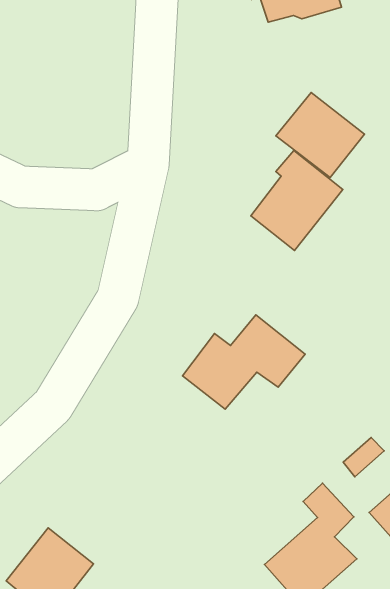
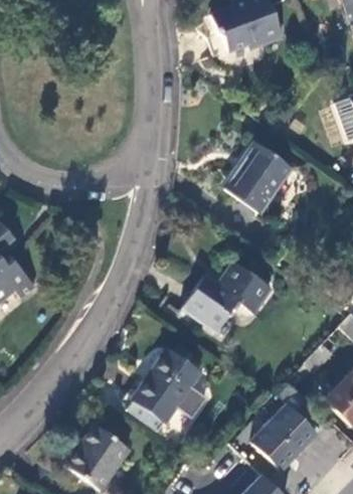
building: [276,93,364,177] -> none
building: none -> [133,348,200,422]

